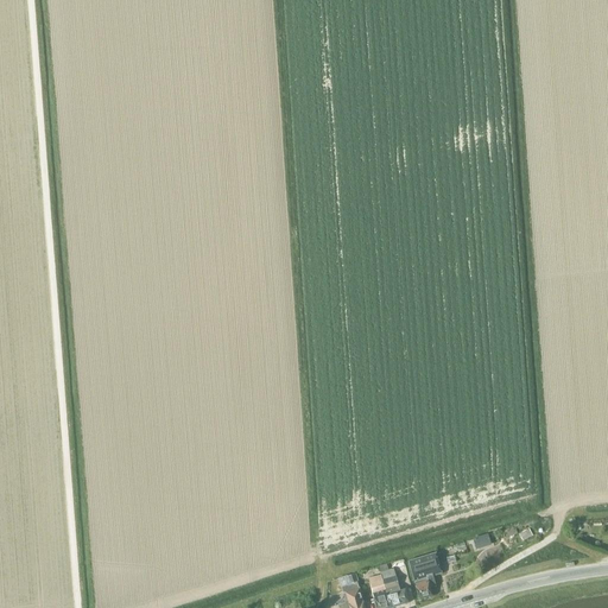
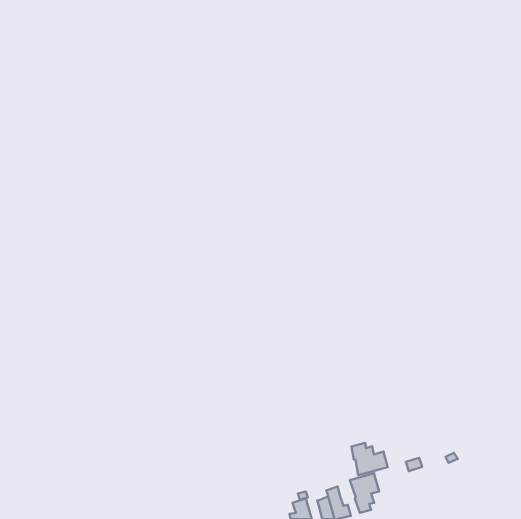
building: none -> [352,443,388,475]

